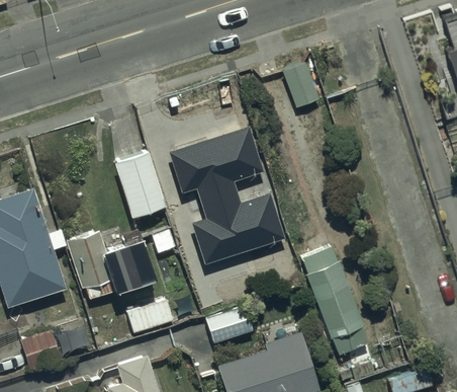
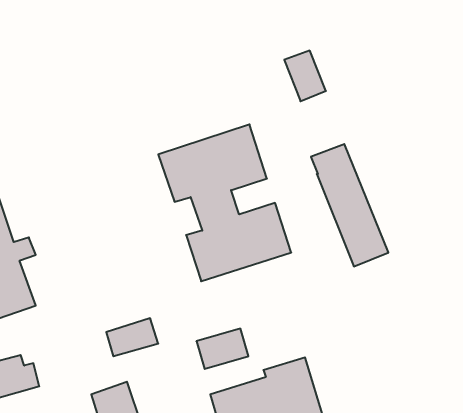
building: [113,151,165,216] -> none
building: [72,232,155,300] -> none
building: [300,246,368,354] -> [311,144,388,266]

